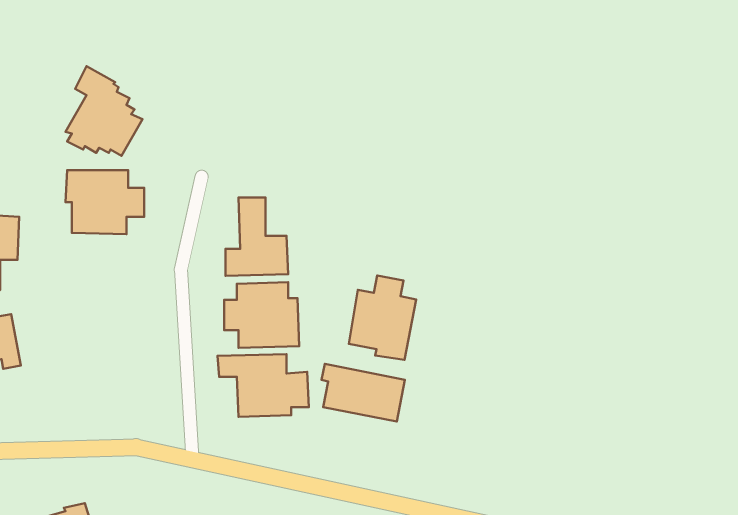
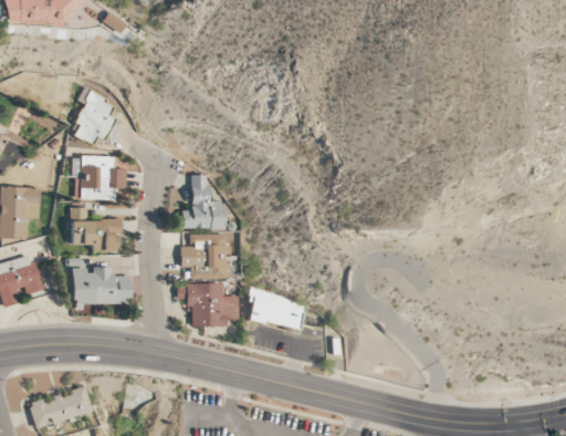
building: none -> [72,207,120,251]
building: [349,275,416,360] -> none
building: none -> [72,267,132,303]

